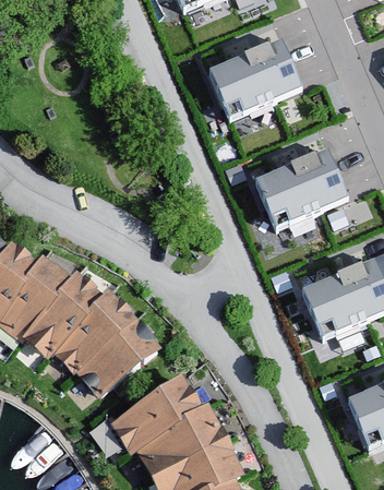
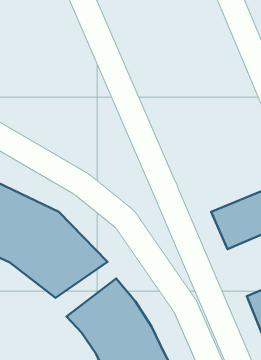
building: [209,39,301,117] -> none
building: [255,147,347,226] -> none

